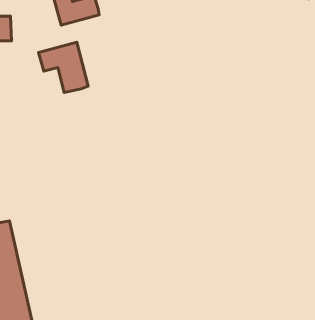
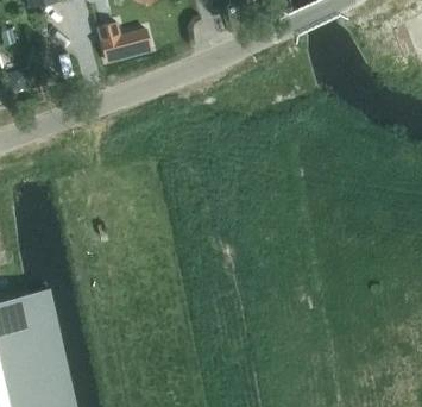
building: [39,42,88,93] -> none

